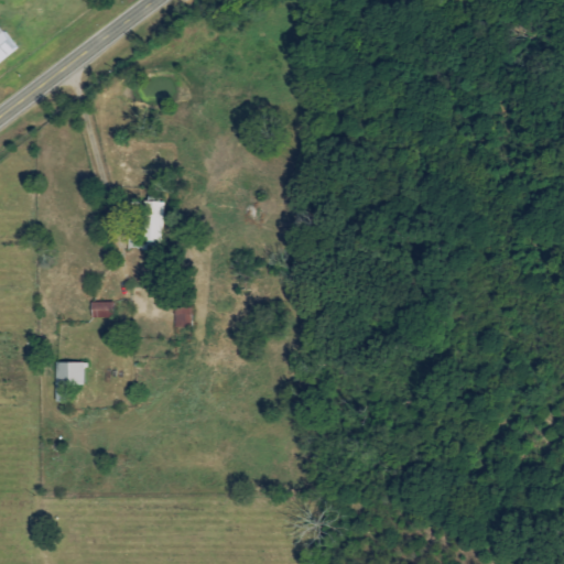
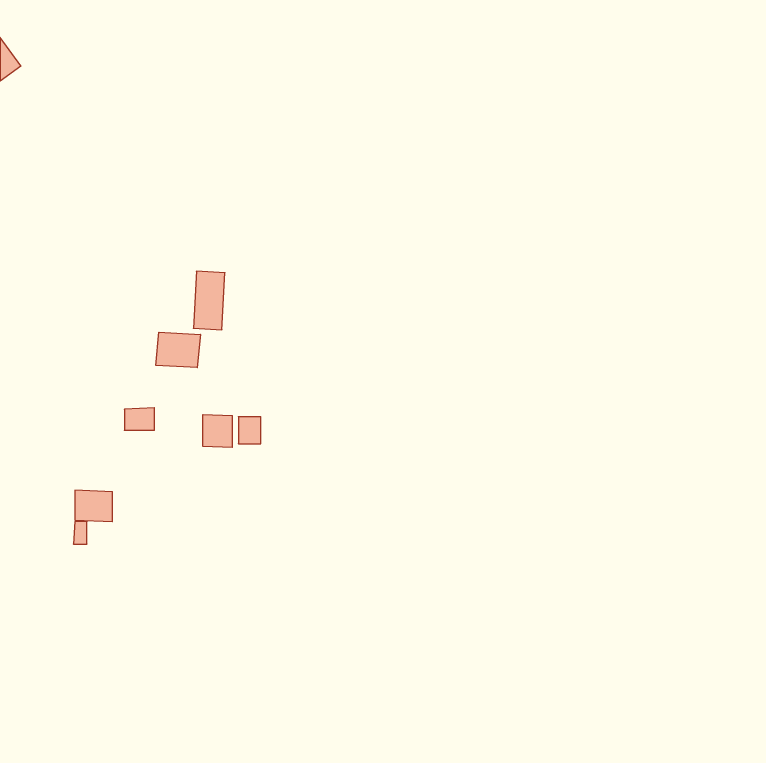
building: none -> [156,332,200,368]
building: none -> [203,415,232,447]

